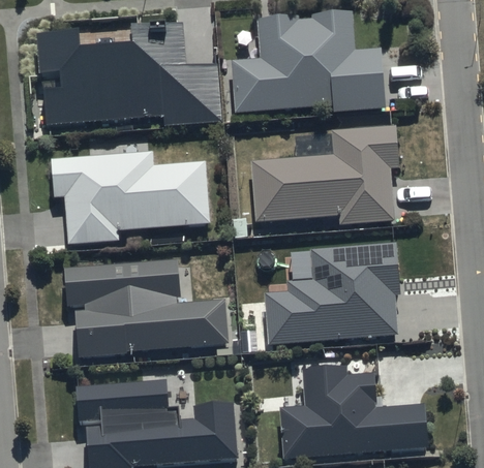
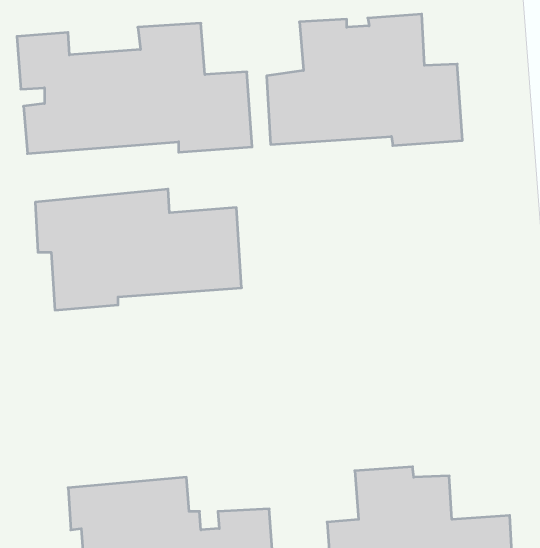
building: [250,127,400,224] -> none
building: [264,239,397,340] -> none
building: [63,263,228,354] -> none

